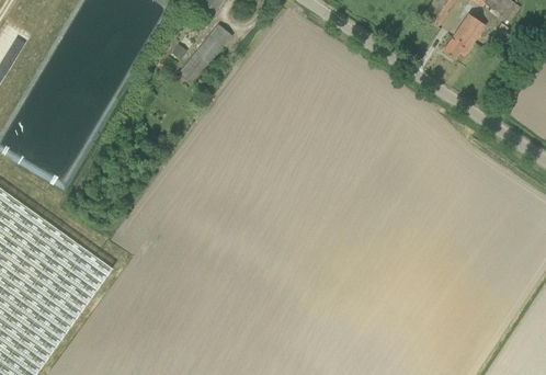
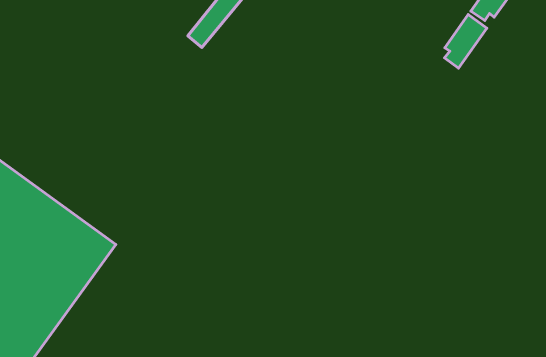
building: none -> [445,14,487,68]

